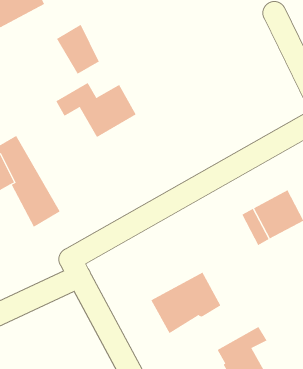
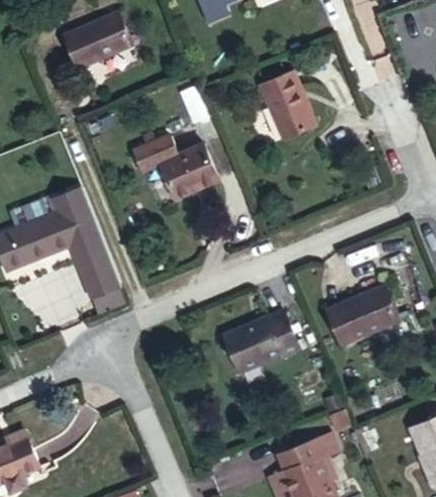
building: none -> [259,67,317,137]
building: [56,24,100,75] -> none
building: [151,272,221,334] -> [217,306,297,373]

